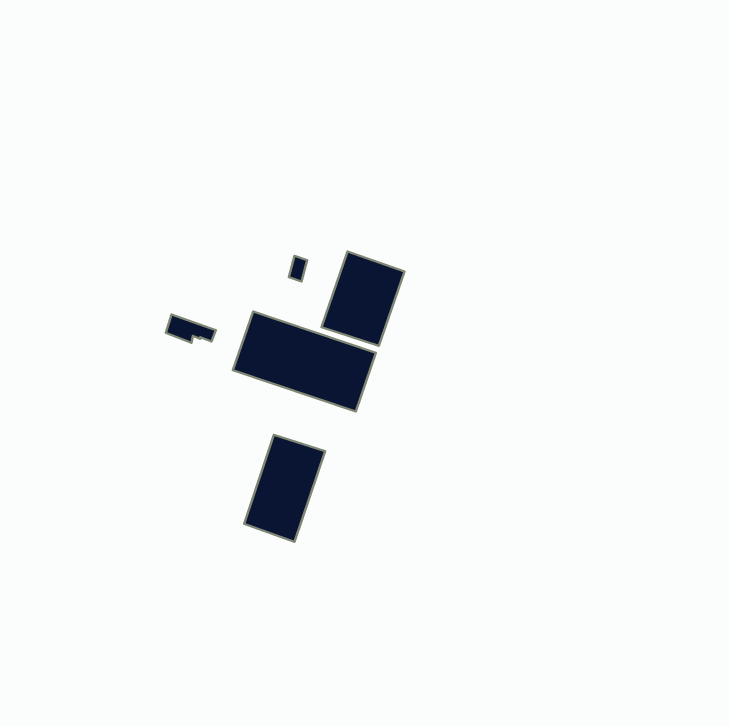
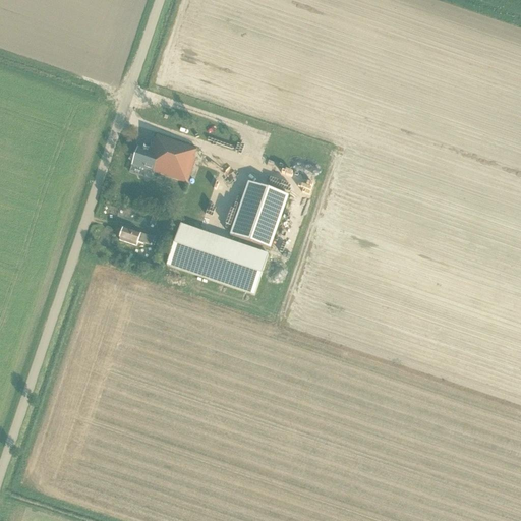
building: none -> [130,132,195,181]
building: [244,435,325,542] -> none

